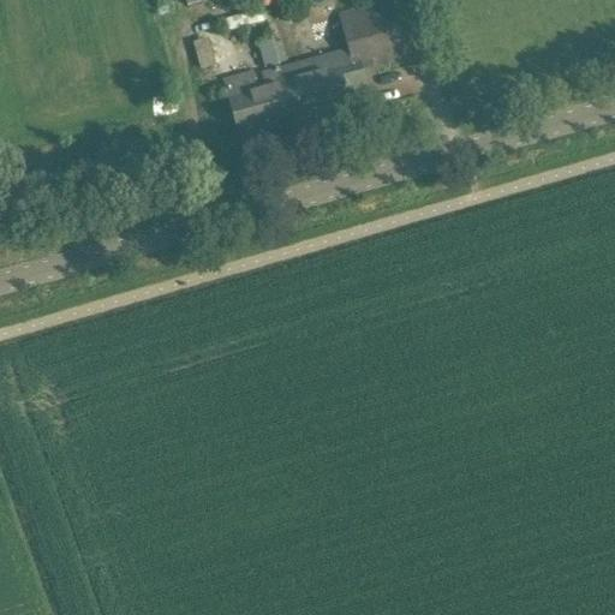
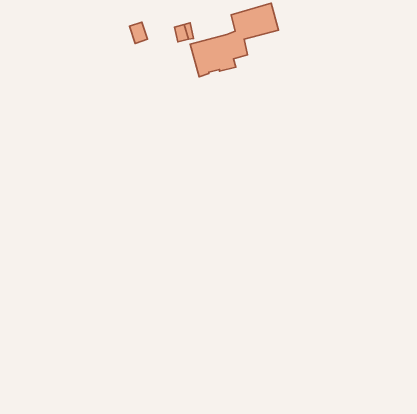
building: [219,65,292,127] -> none

